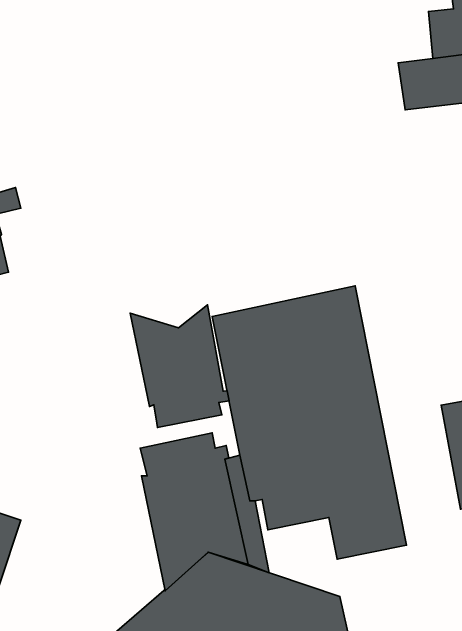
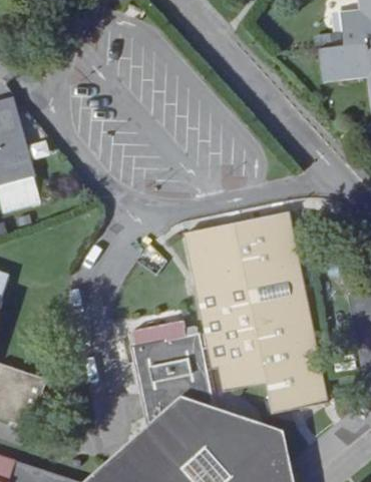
building: [130,305,229,428] -> none

